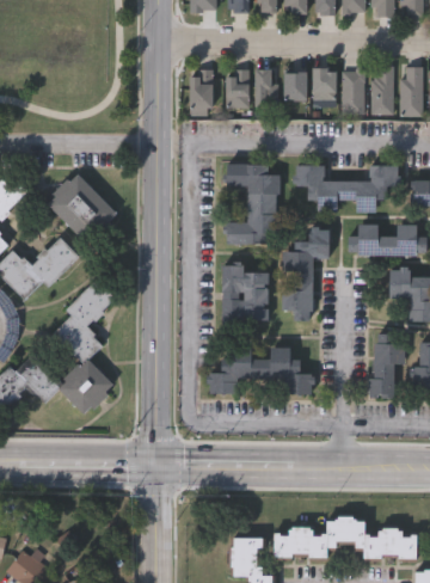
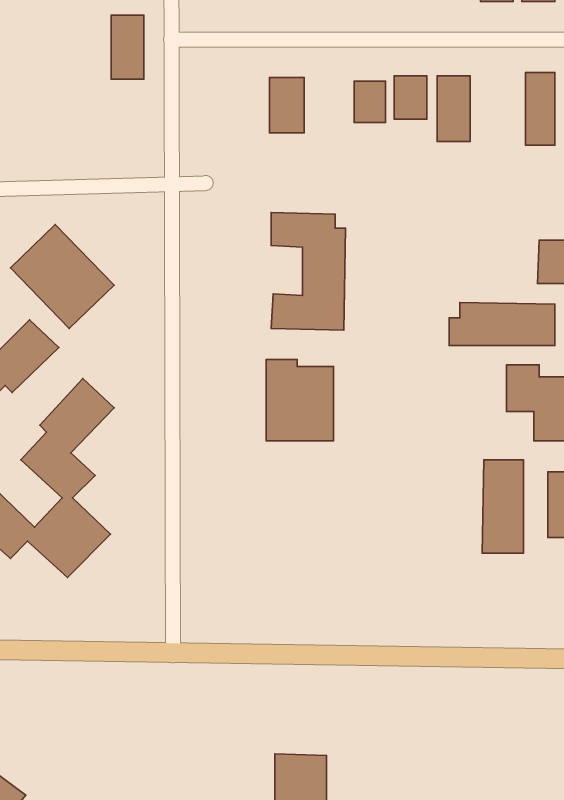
building: [371,66,392,113] -> none
building: [253,68,277,105] -> none
building: [189,70,211,115] -> [111,15,144,79]
building: [294,162,399,211] -> none
building: [283,227,330,319] -> none
building: [208,348,313,394] -> none
building: [272,518,414,559] -> none

